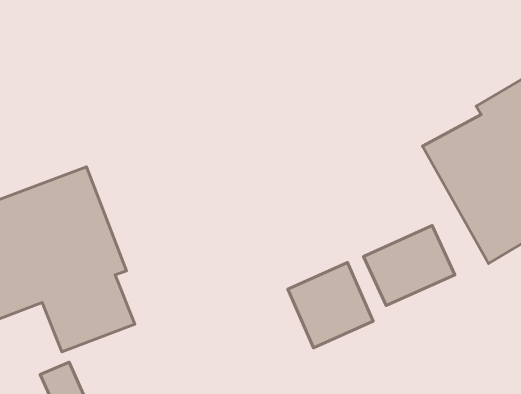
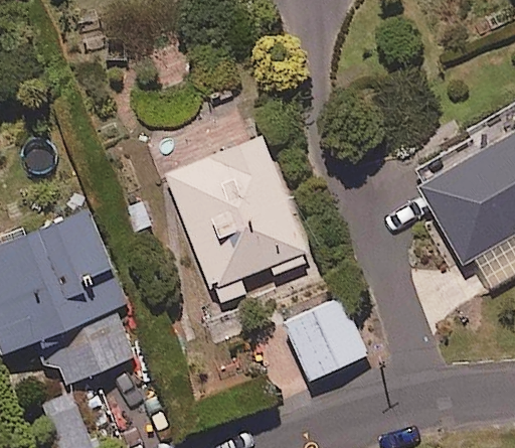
building: none -> [165,137,311,314]
building: [363,226,455,306] -> none

